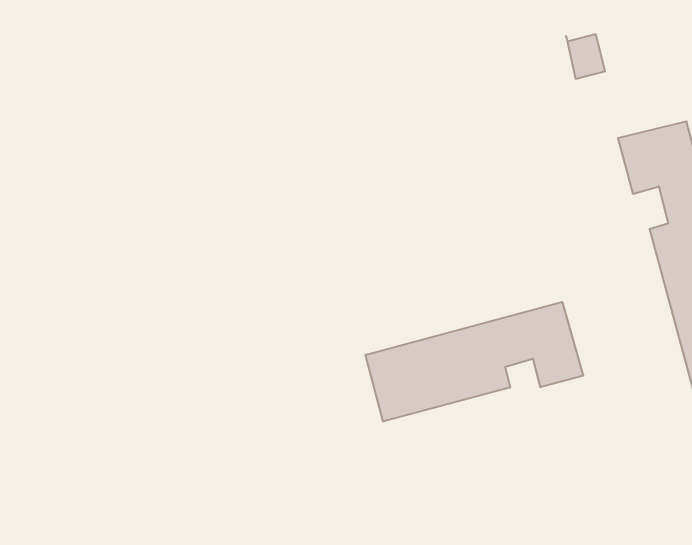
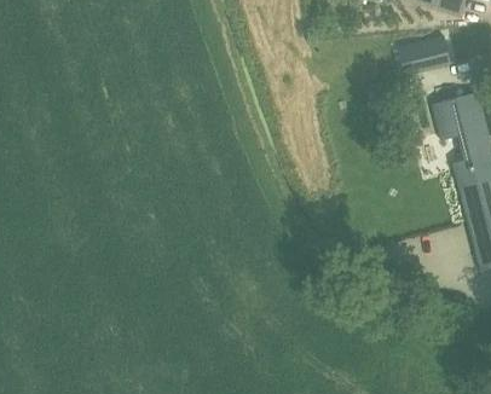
building: [366,302,583,421] -> none

